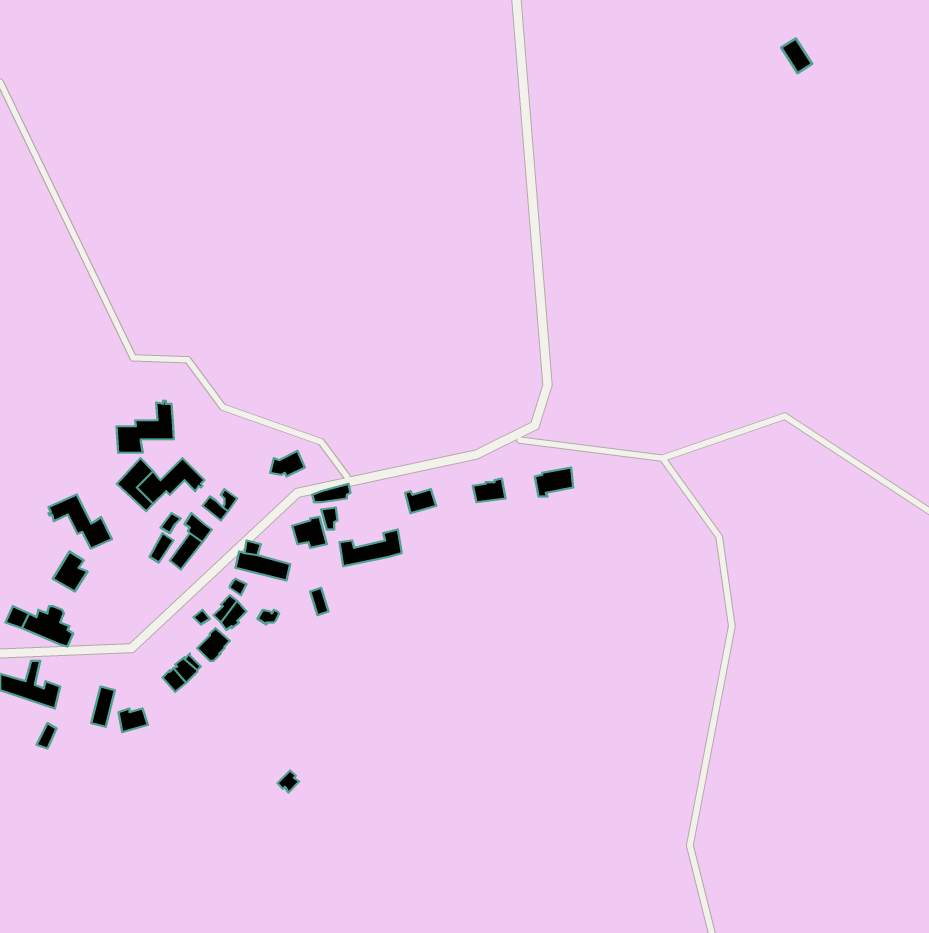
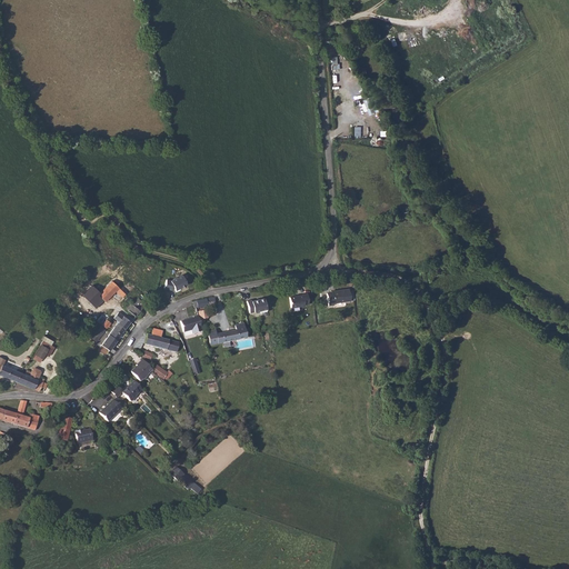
building: [116,401,174,453] -> none
building: [48,494,112,549] -> none

